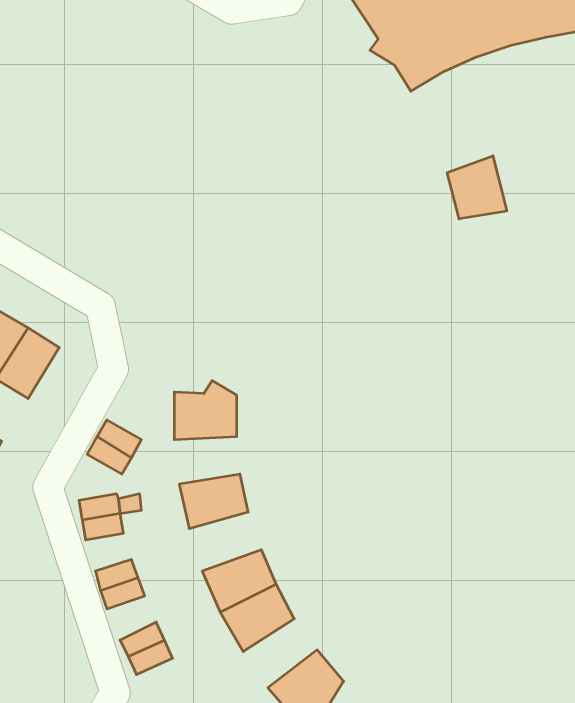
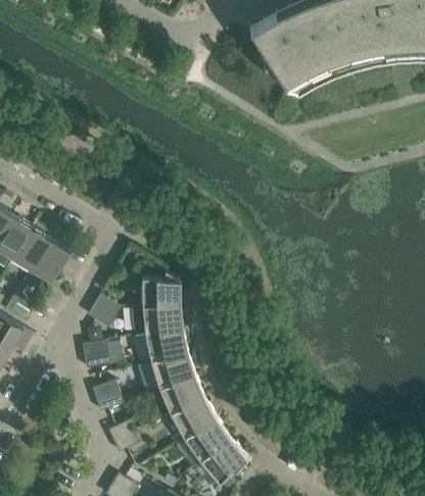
building: [447,156,507,219] -> none
building: none -> [131,305,182,336]
building: none -> [150,352,195,389]
building: none -> [184,418,230,461]

